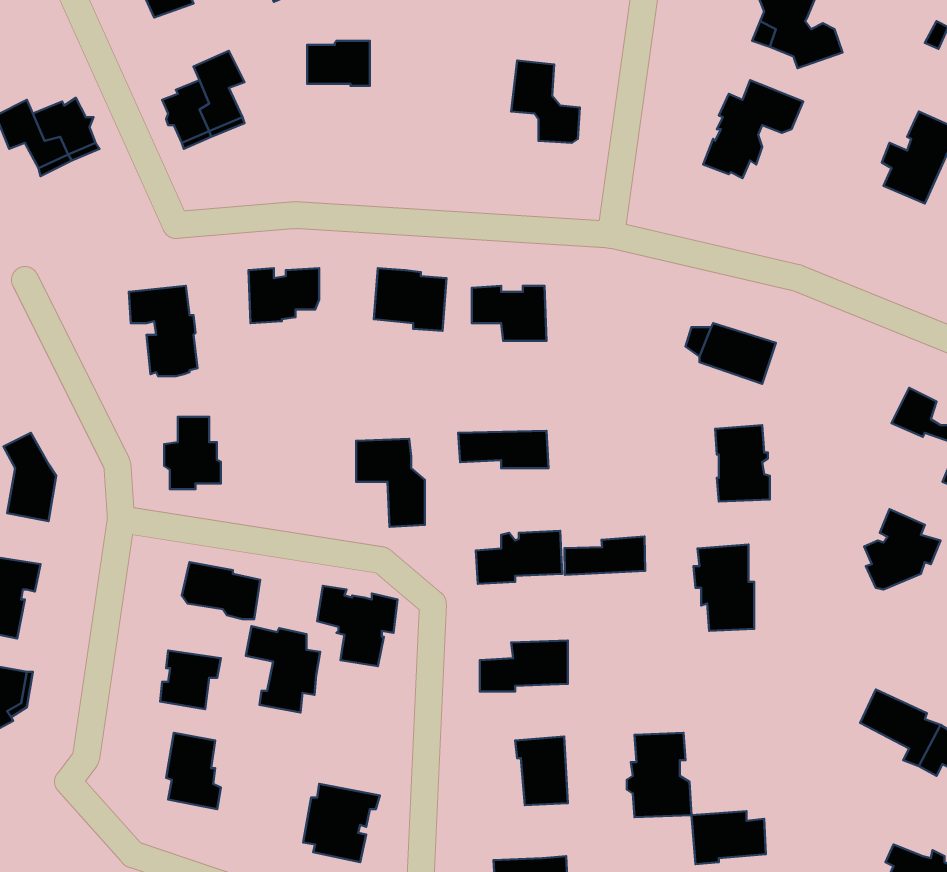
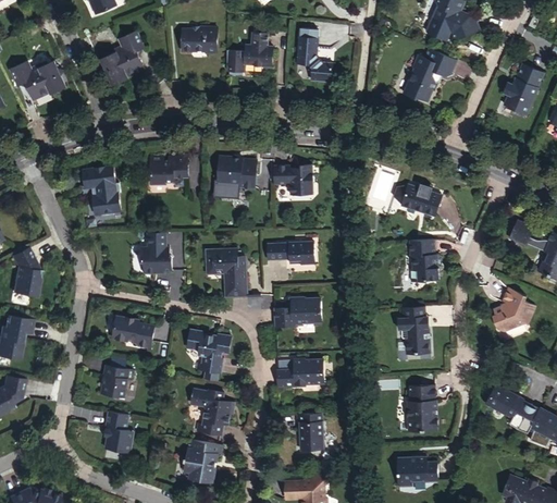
building: none -> [226,33,274,77]
building: [164,417,221,489] -> [143,231,174,271]
building: [564,537,645,575] -> none
building: [246,626,320,713] -> [189,389,231,437]
building: [627,733,691,817] -> [401,382,437,429]

